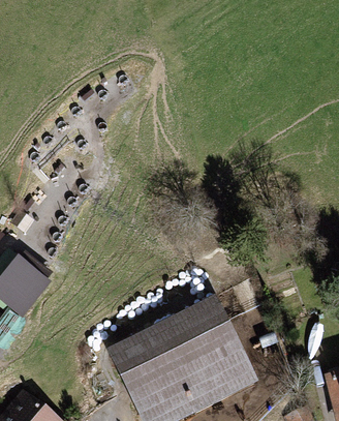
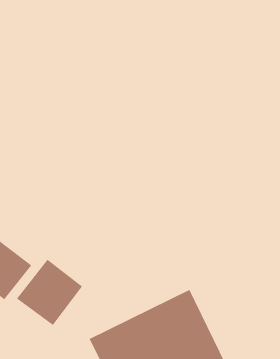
building: none -> [16,259,83,326]

